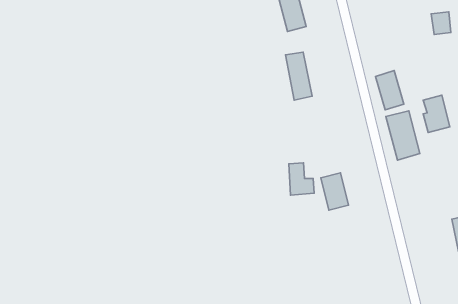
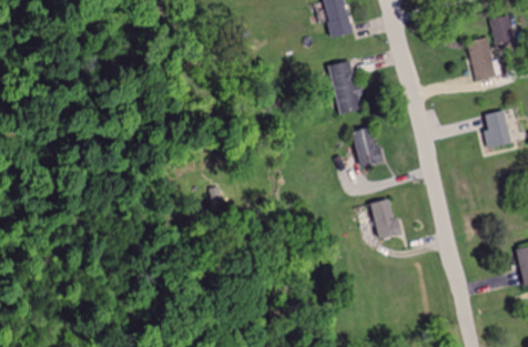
building: [375,71,404,110] -> [467,37,499,81]
building: [386,111,420,160] -> none
building: [289,163,314,195] -> [354,129,383,165]

